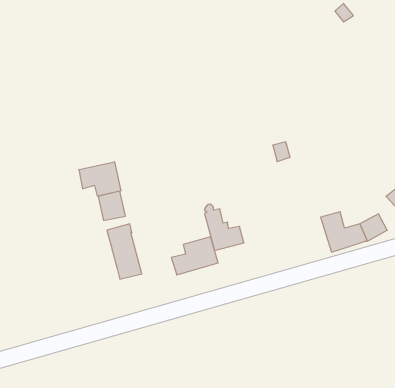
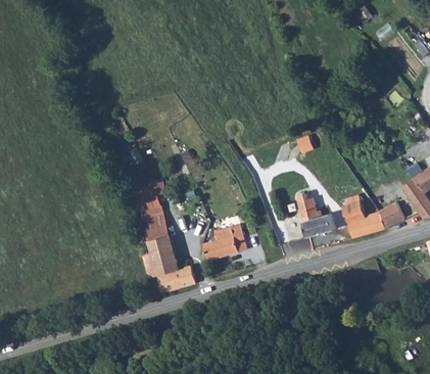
building: [79,162,121,196] -> none
building: [205,205,244,250] -> [298,193,335,236]
building: none -> [142,252,196,292]

